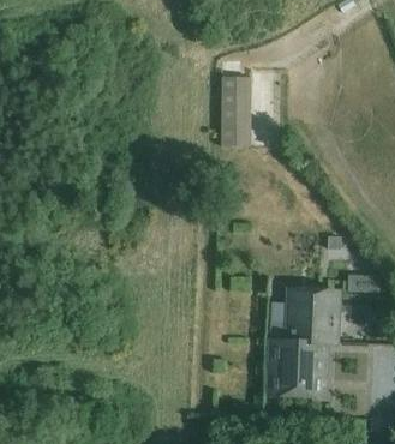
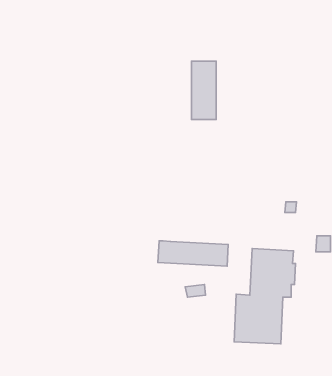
building: none -> [158,241,228,266]

